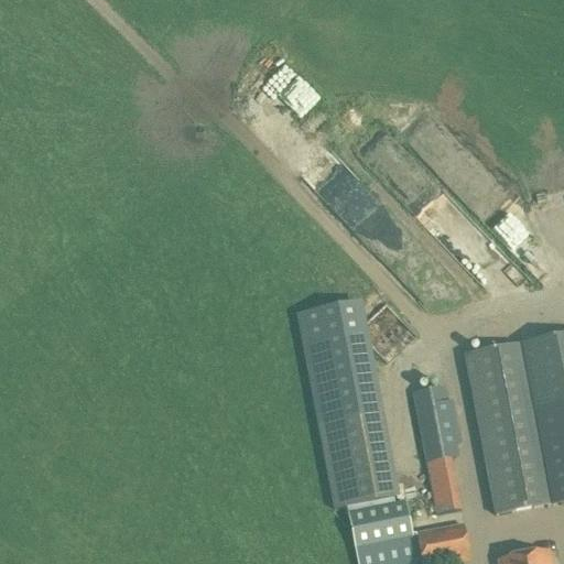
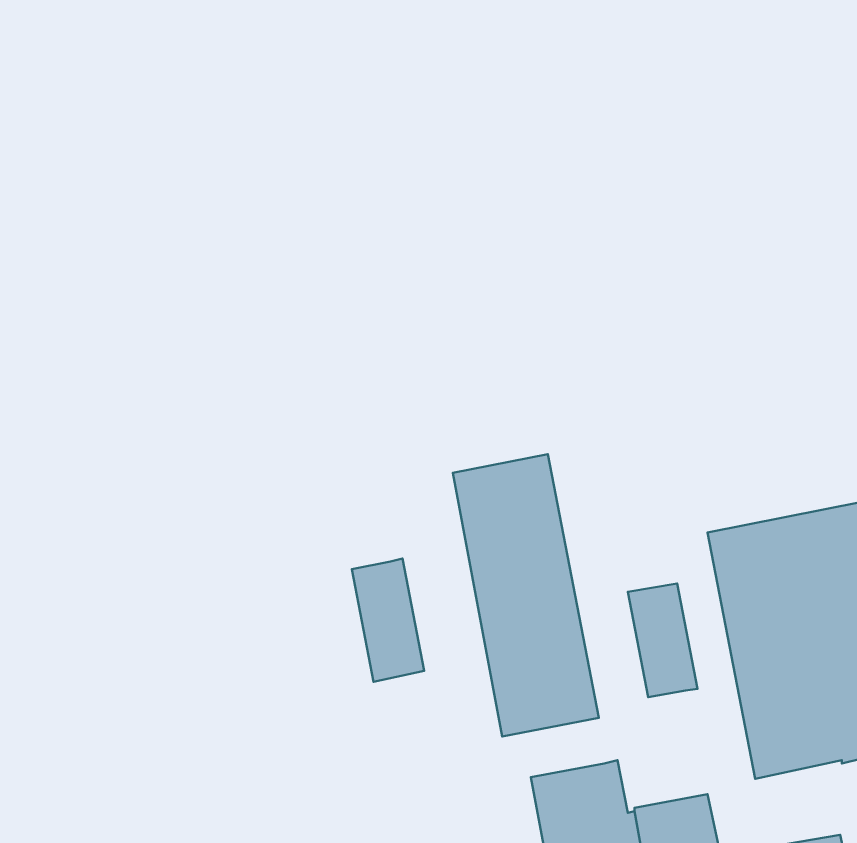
building: none -> [352,558,424,682]
building: [426,455,462,512] -> none
building: [332,473,398,507] -> none

